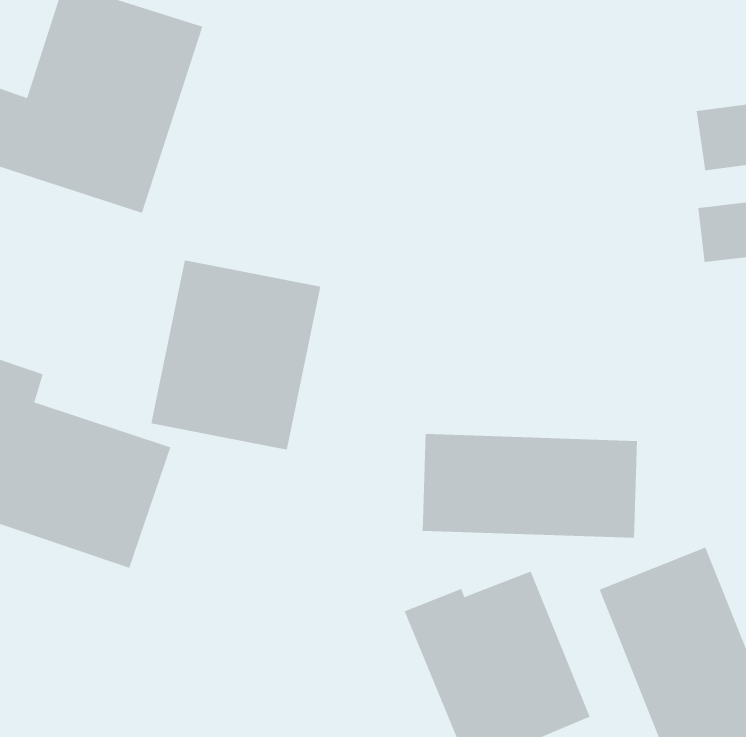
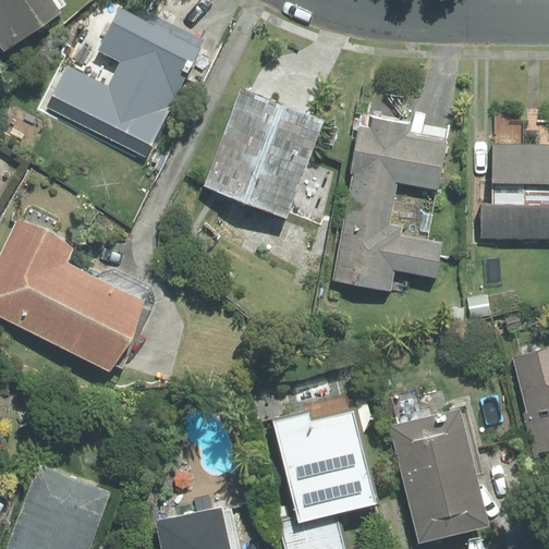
building: none -> [330,123,447,290]
building: [151,260,321,450] -> [207,89,322,213]
building: [422,433,637,539] -> none

